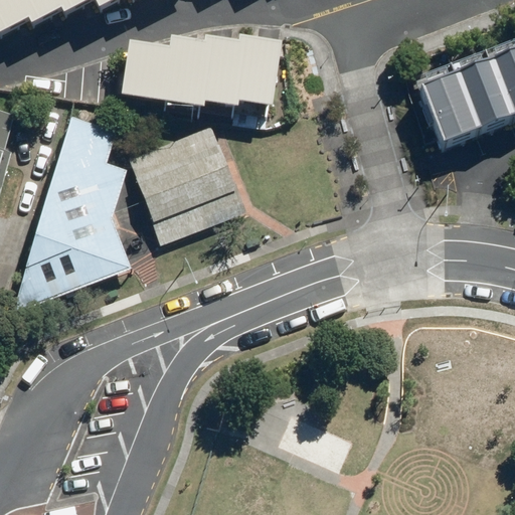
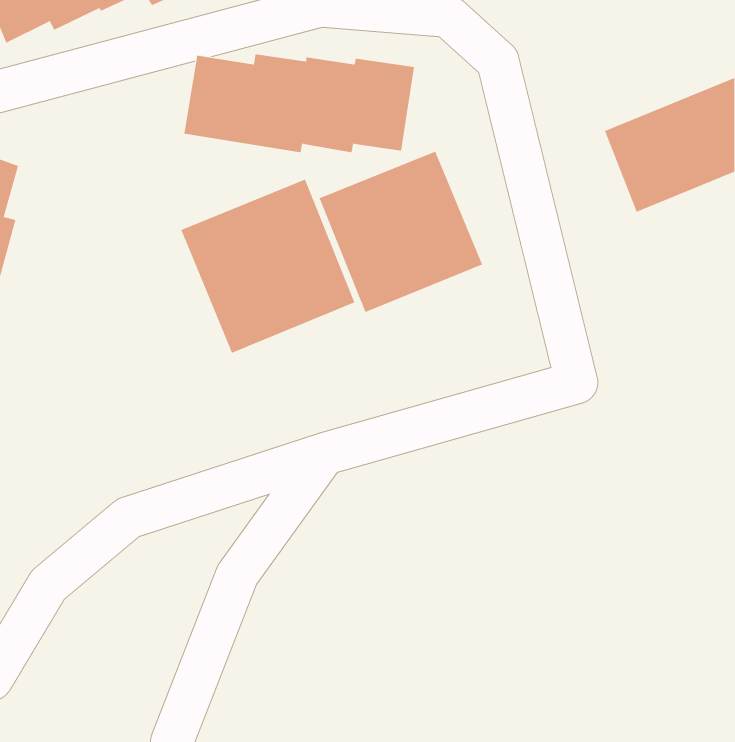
building: none -> [319,151,483,313]
building: [7,120,131,317] -> none

